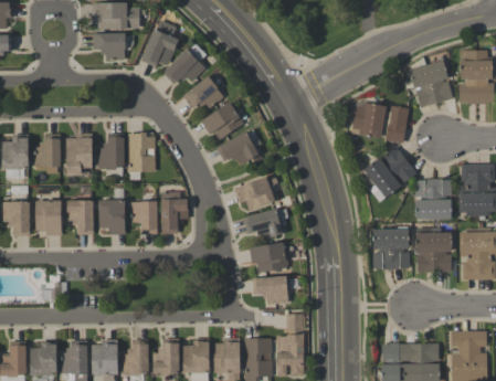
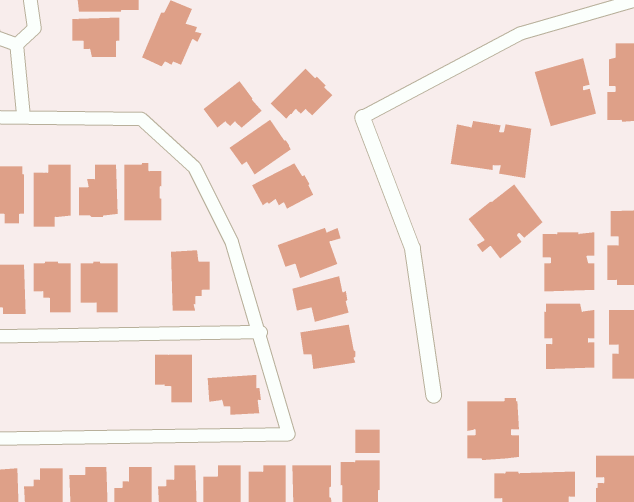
building: [162,49,205,84] -> [270,68,333,119]
building: [130,201,157,234] -> [154,354,193,403]
building: [372,226,409,269] -> [467,397,520,461]
building: [252,276,289,304] -> [207,375,262,415]

